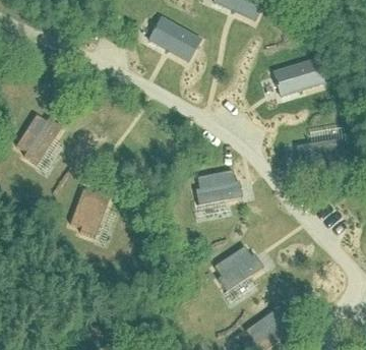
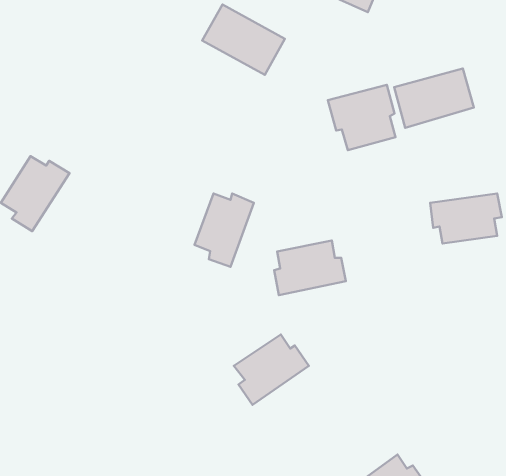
building: none -> [328,85,396,150]
building: [71,188,110,236] -> [195,193,254,267]
building: [215,245,263,291] -> [234,334,309,405]

